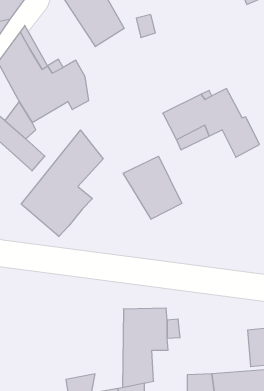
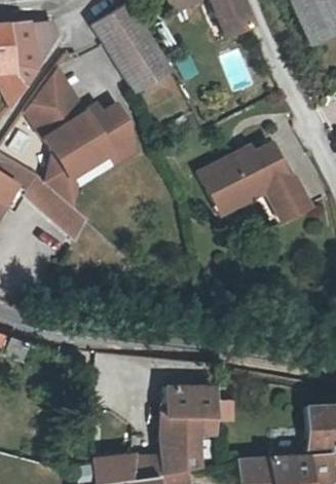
building: [21,130,103,237] -> none
building: [123,156,182,219] -> none

